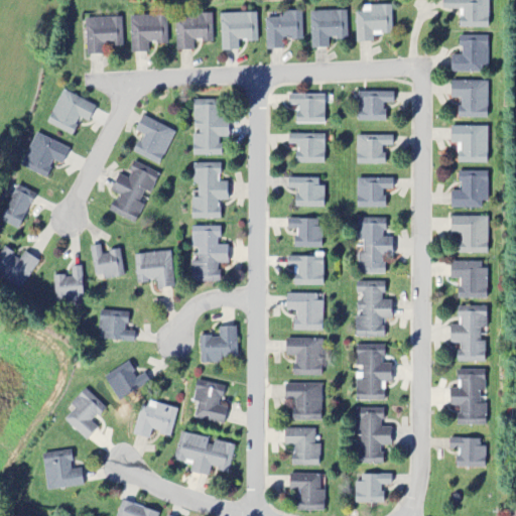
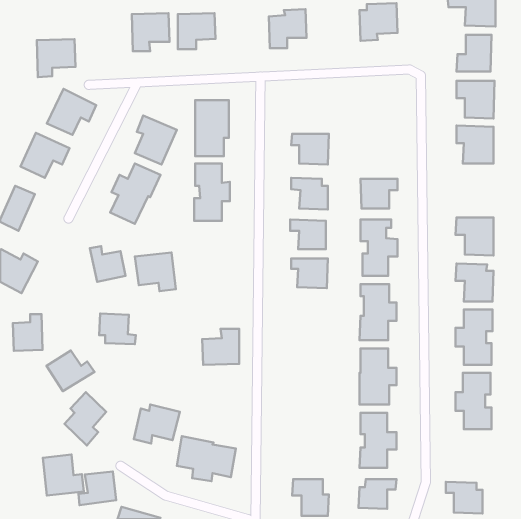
building: [310,8,349,46] -> none
building: [221,11,259,48] -> none
building: [86,16,124,53] -> [37,39,76,77]
building: [358,90,394,120] -> none
building: [289,92,326,121] -> none
building: [357,133,393,163] -> none
building: [452,169,487,207] -> none
building: [192,225,228,280] -> none
building: [54,265,84,301] -> [13,314,42,351]
building: [287,291,324,330] -> none
building: [286,338,322,375] -> none
building: [104,360,151,400] -> [46,350,94,391]
building: [194,379,228,421] -> none
building: [285,382,322,419] -> none
building: [284,427,320,465] -> none
building: [449,436,486,468] -> [446,482,483,513]
building: none -> [78,472,116,505]

